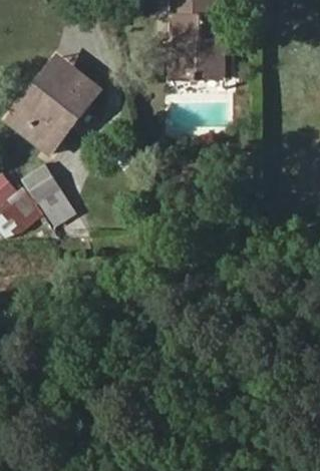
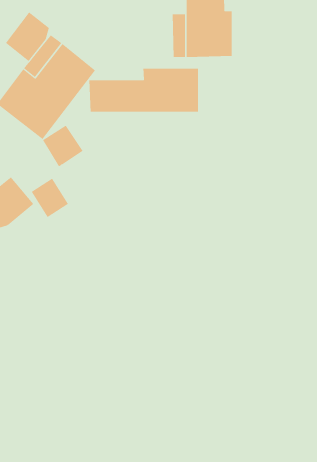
building: none -> [5,12,50,62]
building: none -> [89,68,199,113]
building: [20,163,58,202] -> [42,125,83,167]

